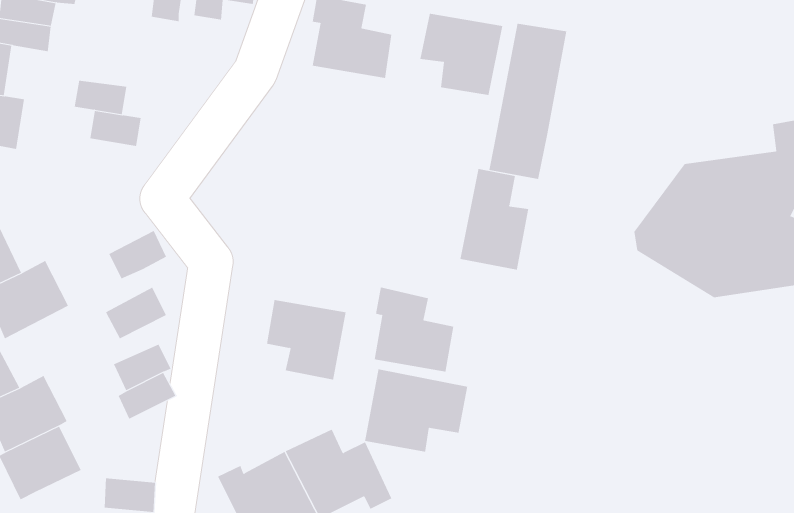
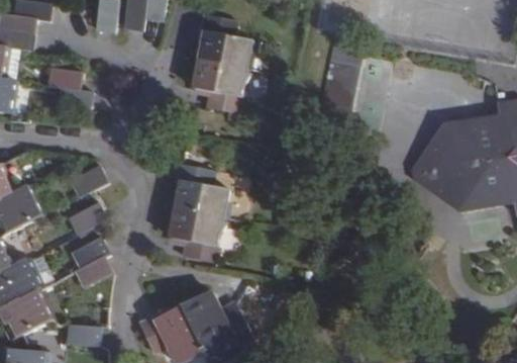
building: [420,13,503,95] -> [194,60,247,112]
building: [460,168,529,271] -> none
building: [374,287,454,372] -> [176,163,227,217]
building: [365,369,468,452] -> none

